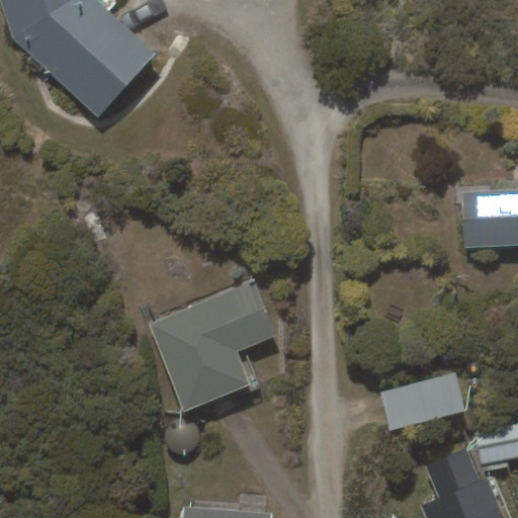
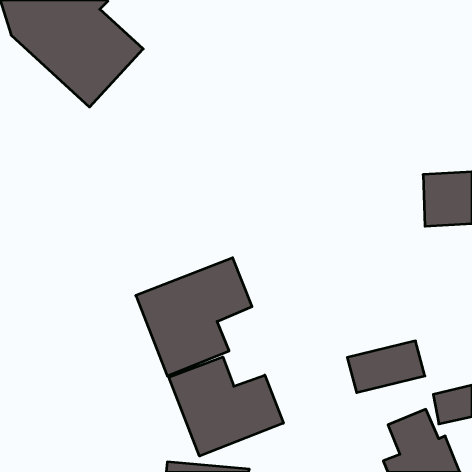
building: none -> [169,357,283,456]

